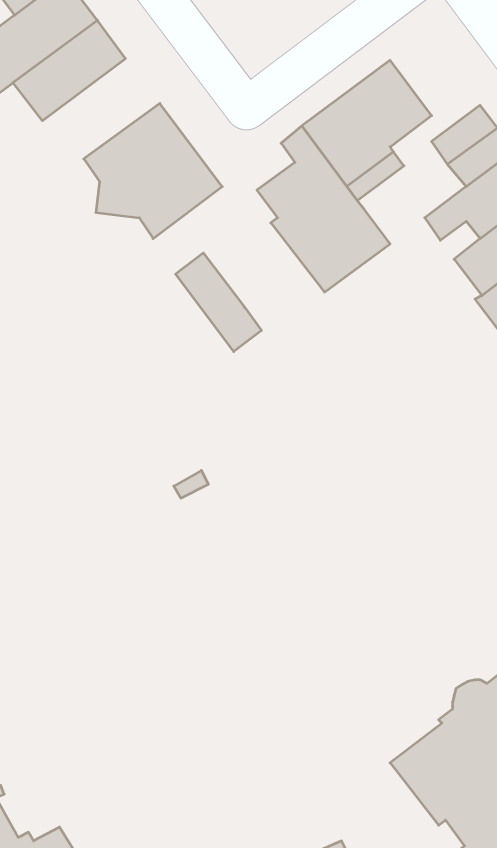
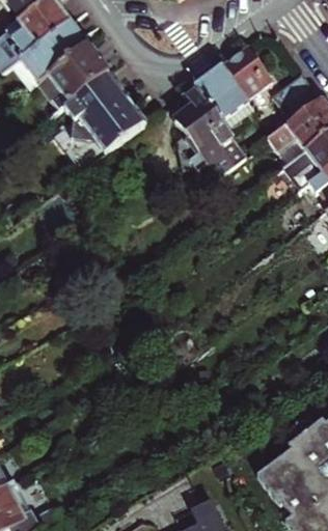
building: none -> [39,46,110,110]
building: [176,253,261,352] -> none

